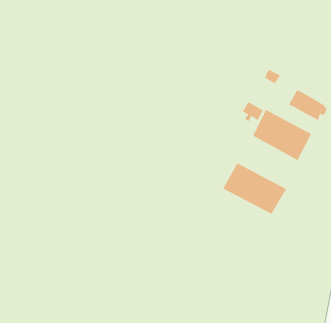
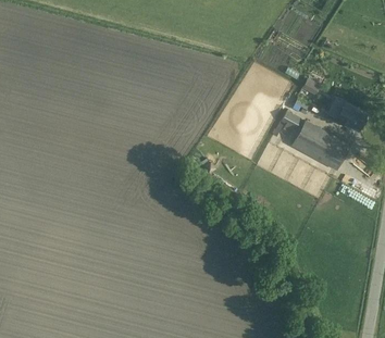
building: [223,162,287,215] -> none

